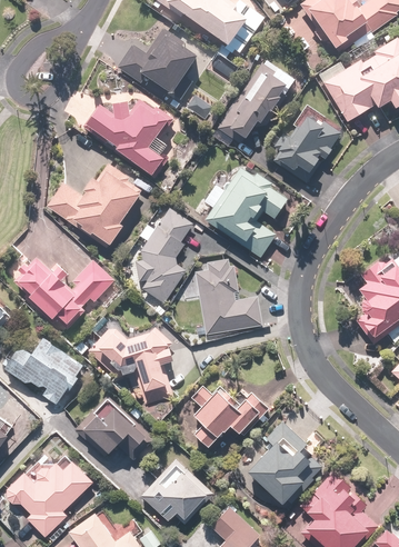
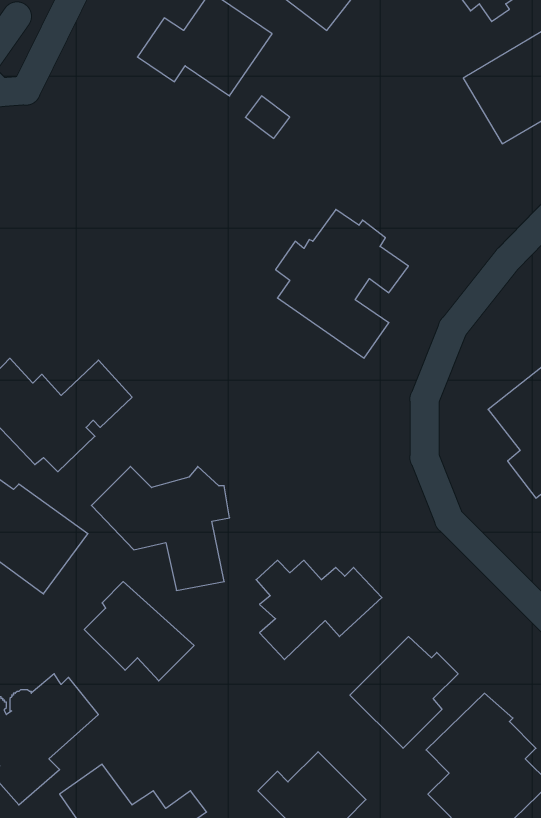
building: [217,70,292,143] -> none
building: [86,99,173,178] -> none
building: [275,113,342,183] -> none
building: [49,168,144,247] -> none
building: [123,207,194,302] -> none
building: [198,257,265,334] -> none
building: [143,457,213,521] -> none

